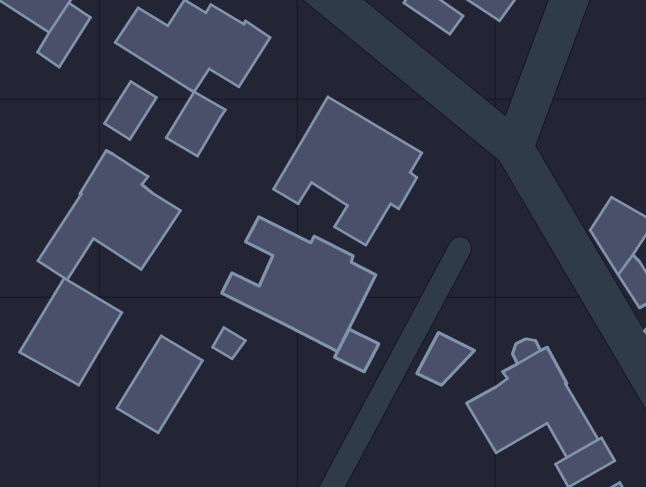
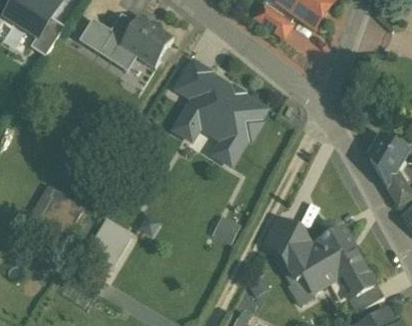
building: [104,81,156,140] -> none
building: [166,92,226,156] -> [176,58,212,98]
building: [38,151,180,280] -> none
building: [222,217,376,351] -> none
building: none -> [278,228,312,280]

